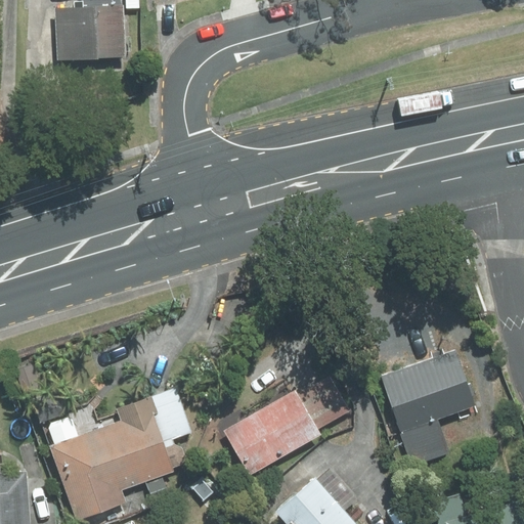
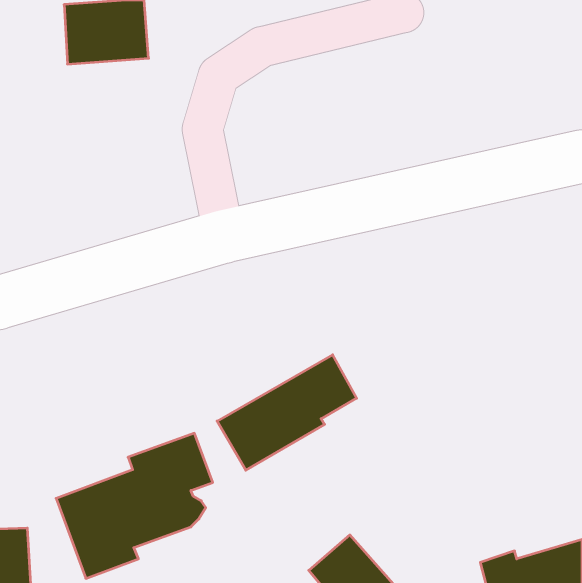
building: [380,349,474,465] -> none
building: [223,373,348,476] -> [217,355,357,470]

